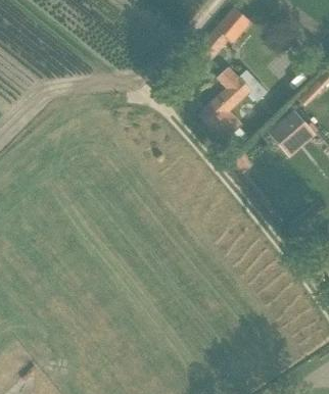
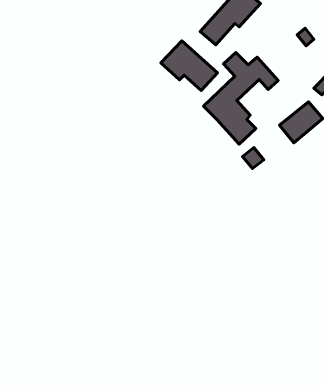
building: none -> [161,41,218,91]

